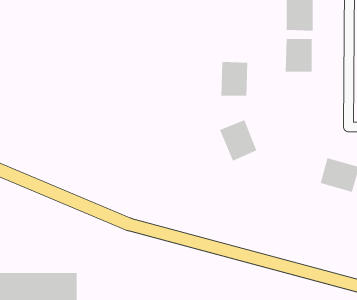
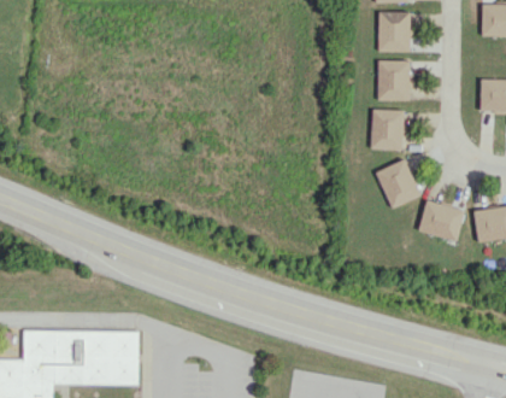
building: [221,61,248,96] -> [371,109,404,150]
building: [219,120,257,162] -> [376,159,420,209]

